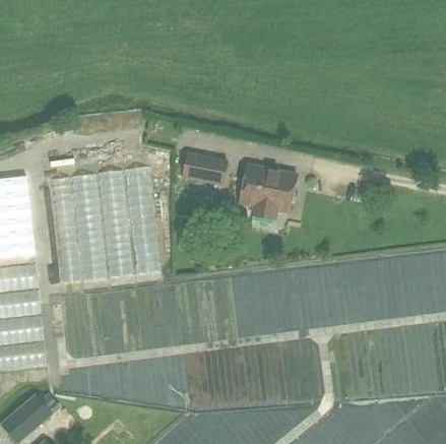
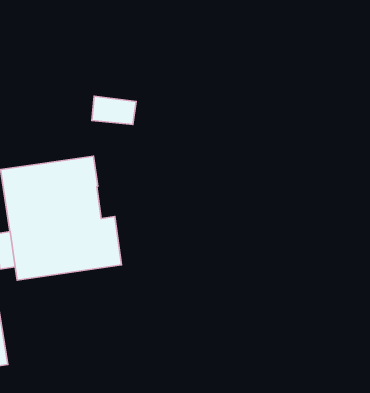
building: [181,151,226,182] -> [92,96,136,125]
building: [238,164,295,217] -> none

